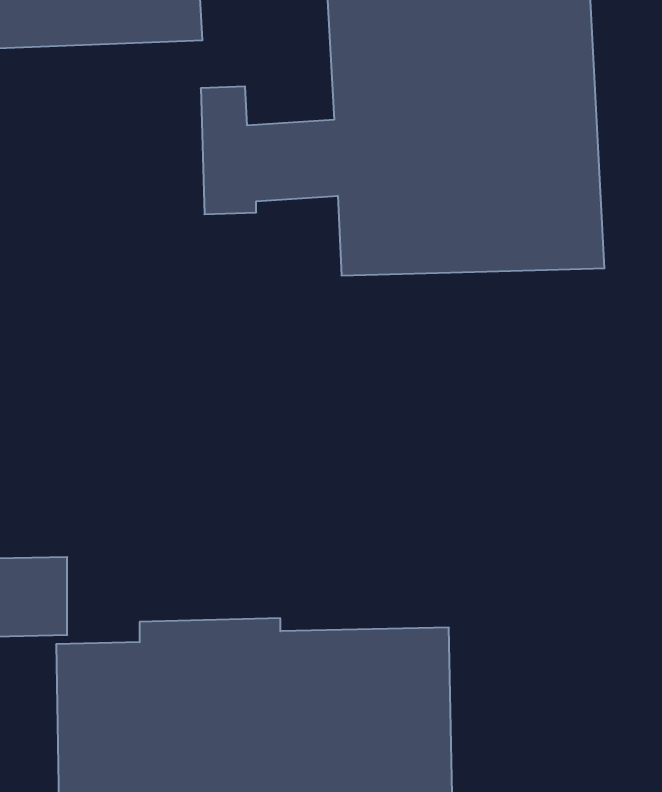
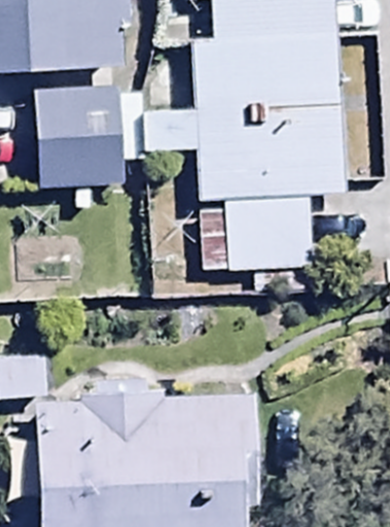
building: none -> [35,87,122,207]
building: none -> [198,195,352,271]

